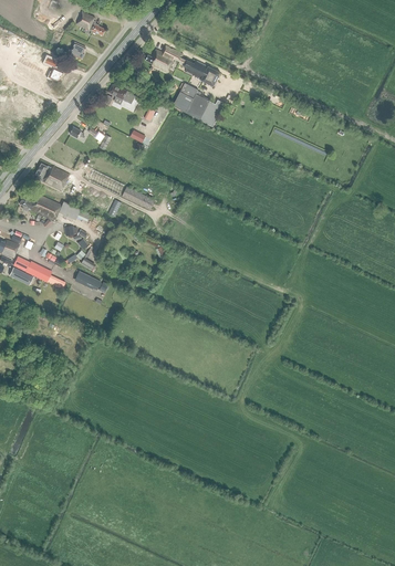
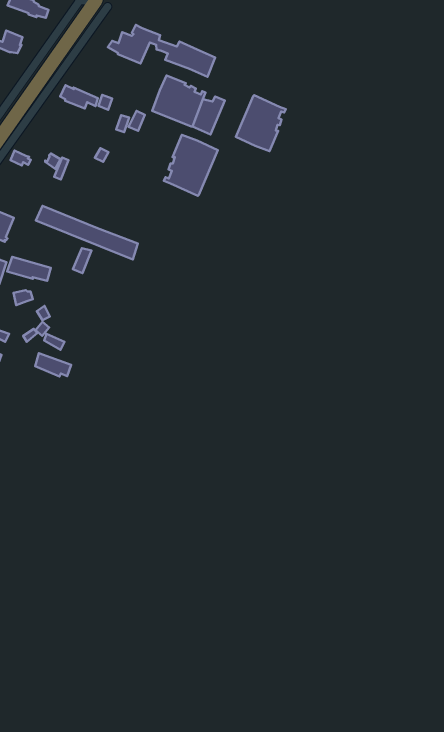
building: none -> [236,95,286,151]
building: none -> [164,135,218,196]

